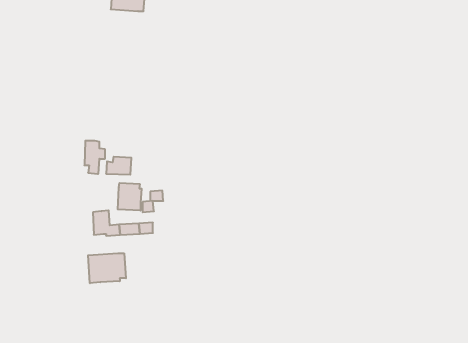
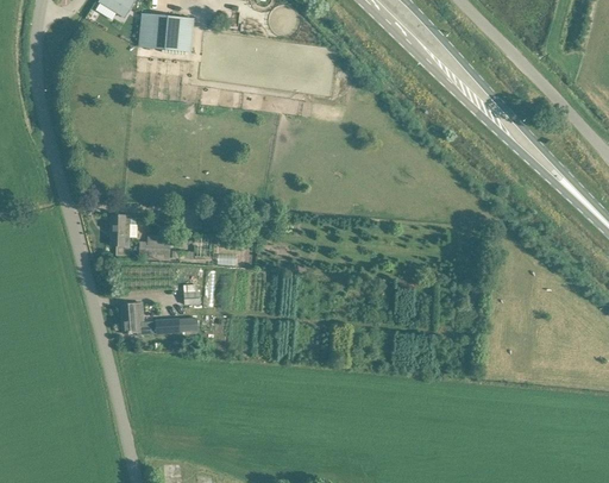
building: [118,183,142,211] -> none
building: [88,253,126,283] -> none

